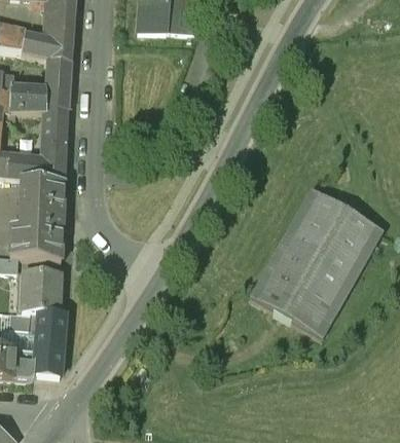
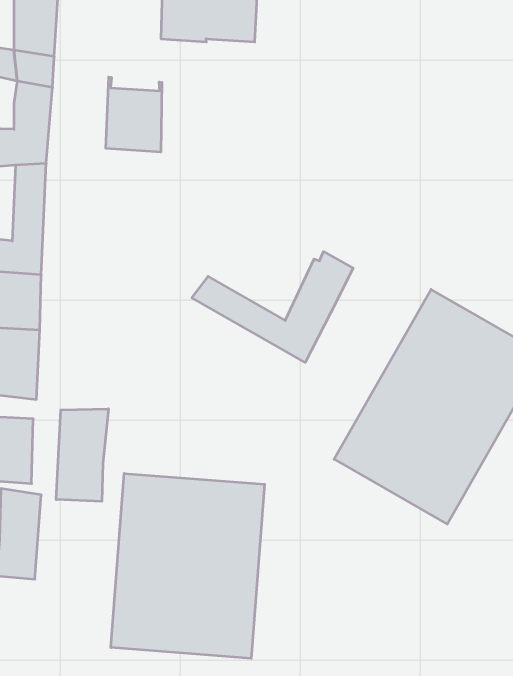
building: none -> [106,77,162,152]
building: none -> [192,252,353,362]
building: none -> [56,409,108,501]
building: none -> [111,473,265,658]

